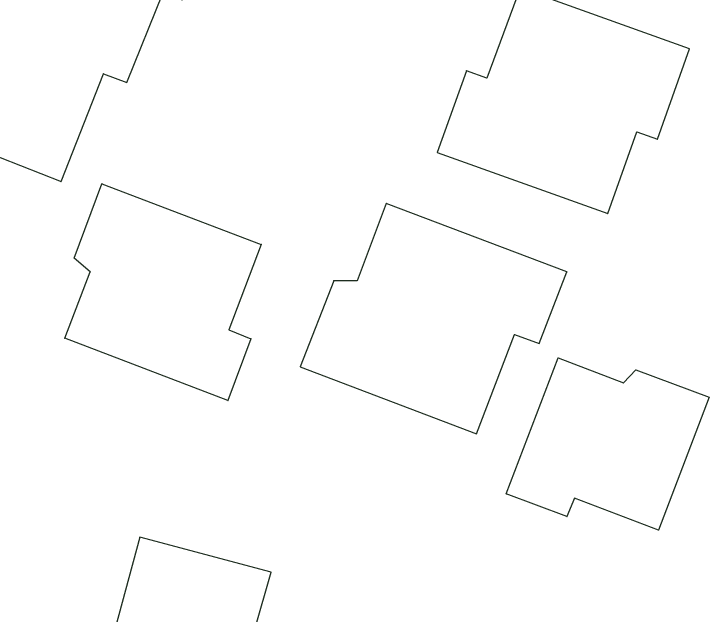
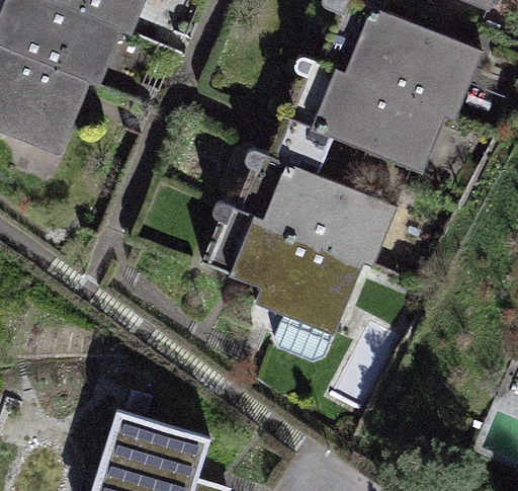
building: [65,184,261,401] -> none
building: [506,358,709,530] -> none

